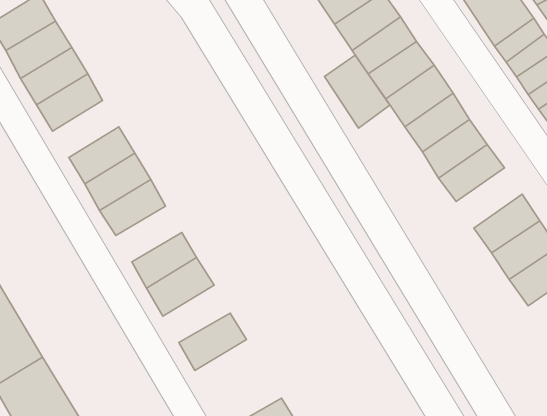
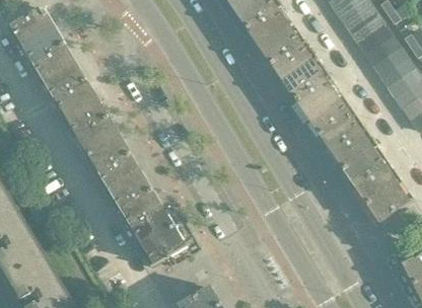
building: [324,55,390,128] -> none
building: none -> [51,79,96,119]
building: none -> [330,126,375,167]
building: none -> [94,152,140,190]
building: none -> [127,207,173,246]

